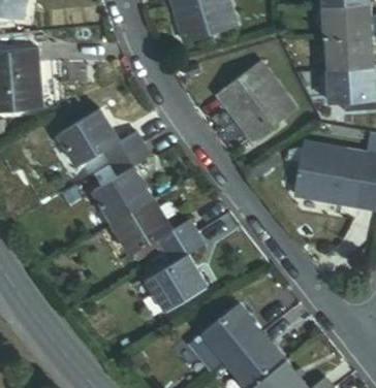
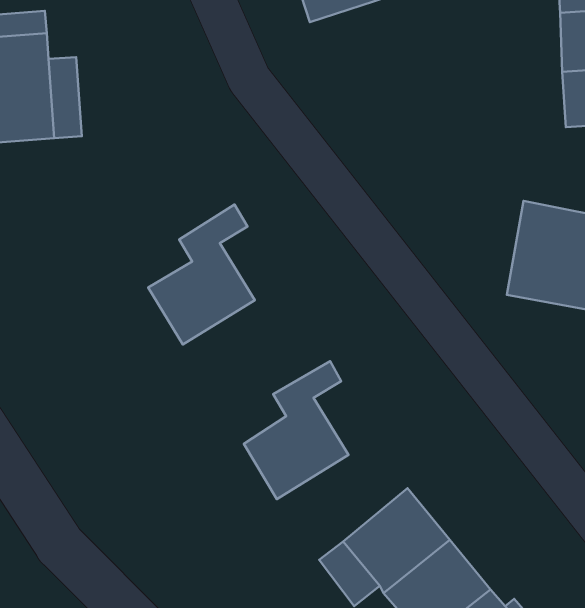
building: [217,63,295,142] -> none
building: [59,109,142,166] -> none
building: [113,198,195,254] -> none

